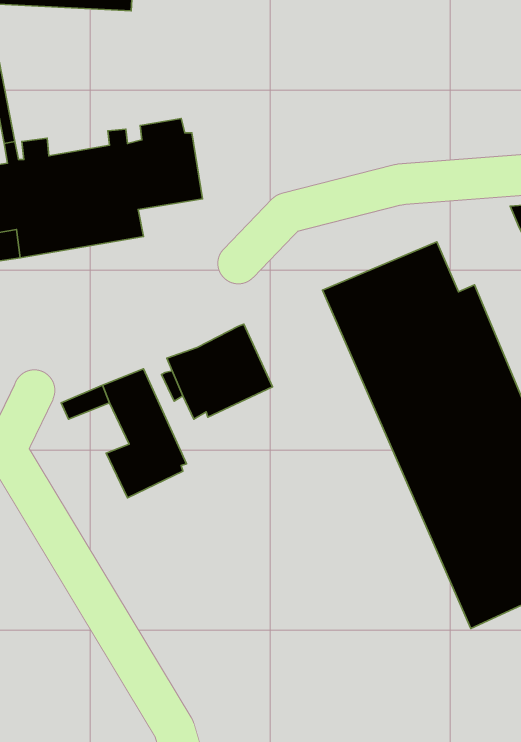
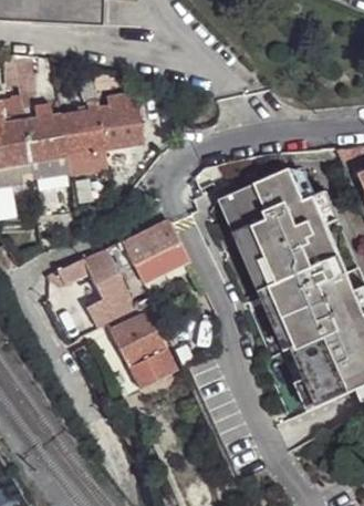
building: none -> [110,310,181,388]

